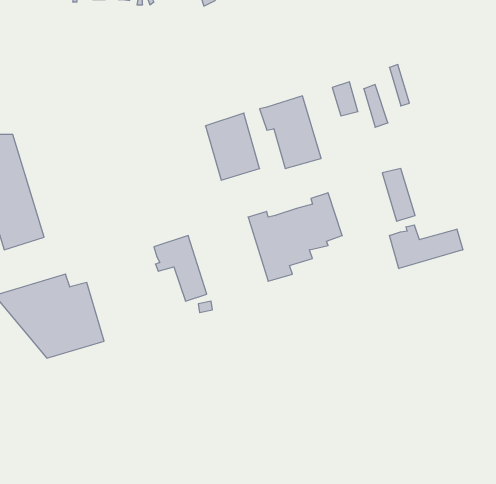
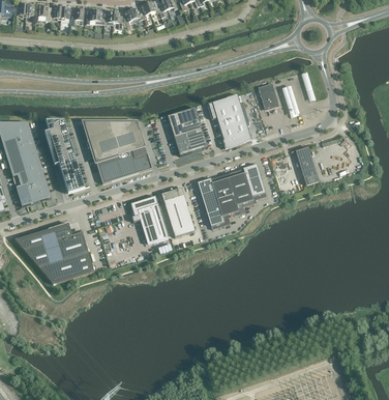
building: none -> [44,120,84,192]
building: none -> [84,121,152,182]
building: [390,225,463,269] -> none
building: none -> [161,189,195,236]

